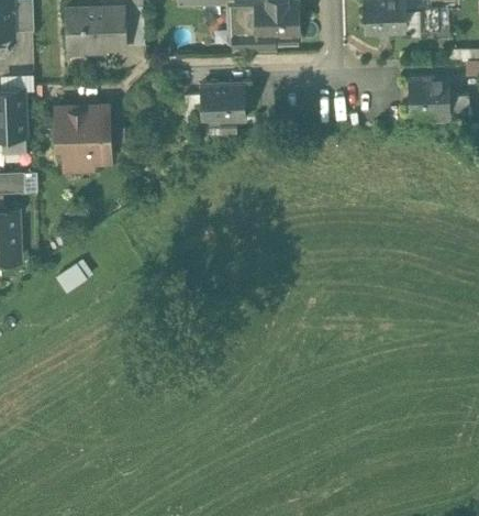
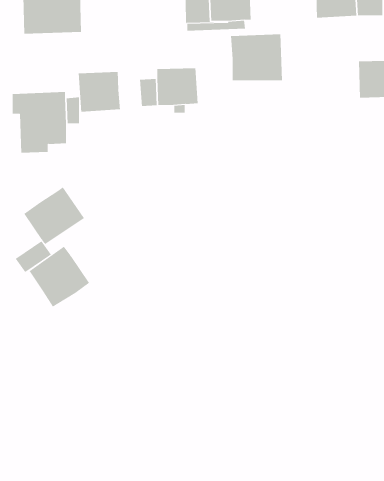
building: none -> [231,34,283,81]
building: none -> [78,71,121,113]
building: none -> [24,187,85,245]
building: none -> [29,246,90,307]

